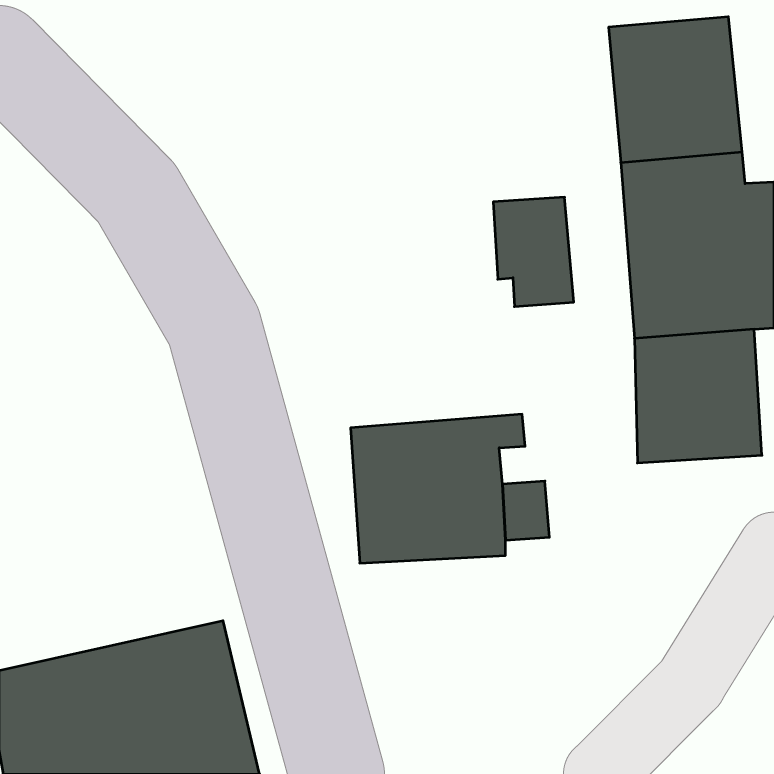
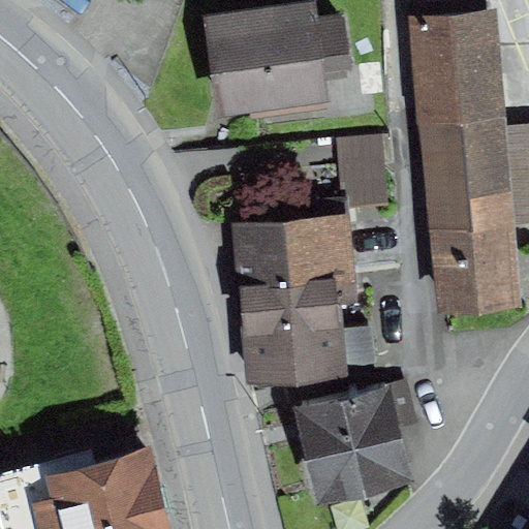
building: none -> [203,4,349,121]
building: none -> [234,217,355,291]
building: none -> [289,378,416,511]

